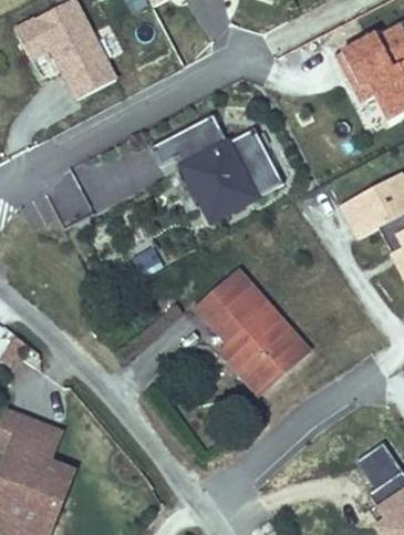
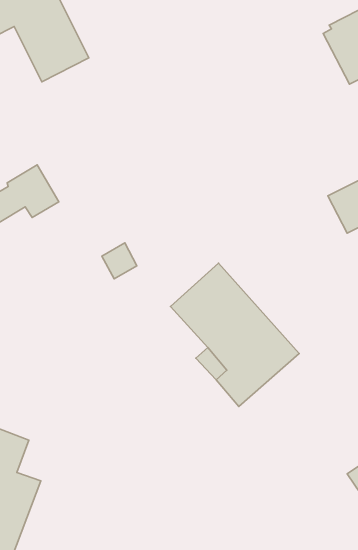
building: [151,115,286,224] -> none

